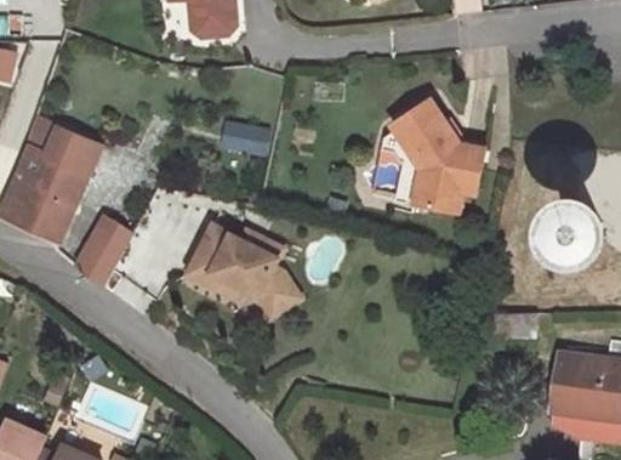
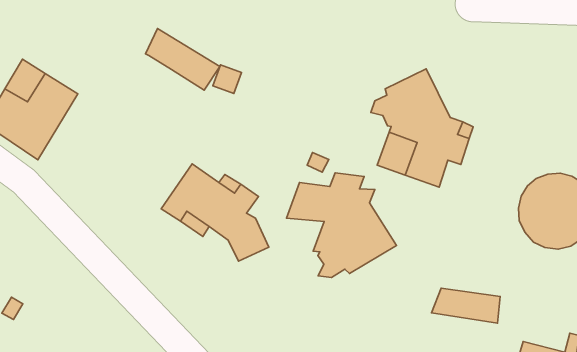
building: [27,117,102,171] -> [146,28,220,90]
building: none -> [286,173,396,277]
building: [75,215,133,286] -> none

